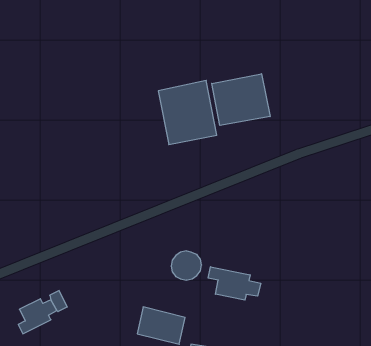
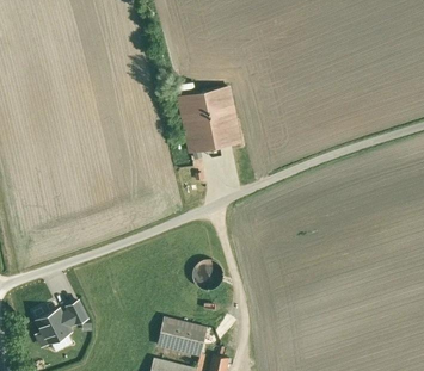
building: [212,74,270,125] -> none
building: [208,267,261,300] -> none

